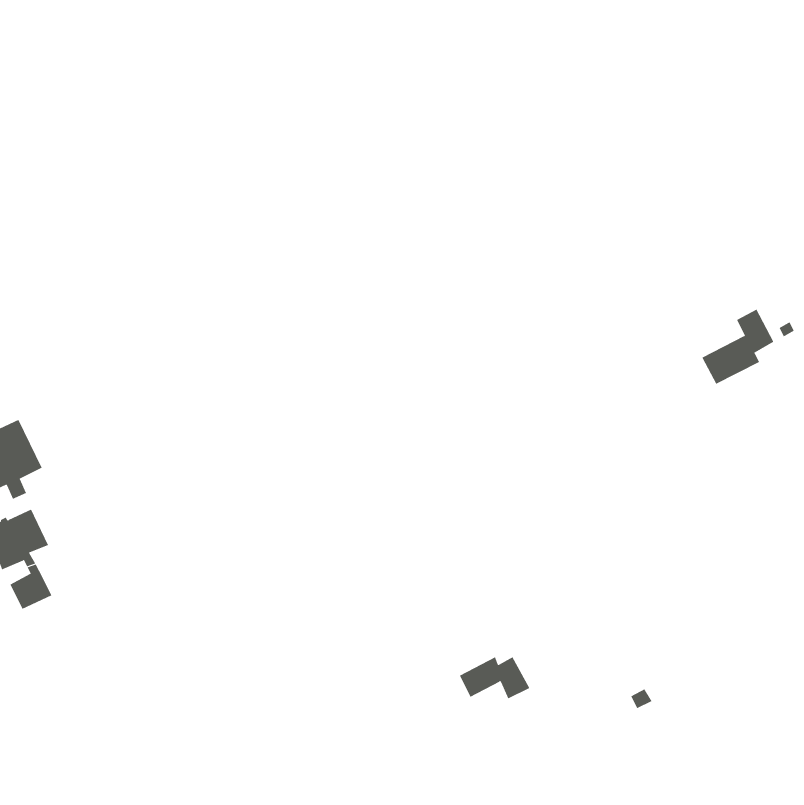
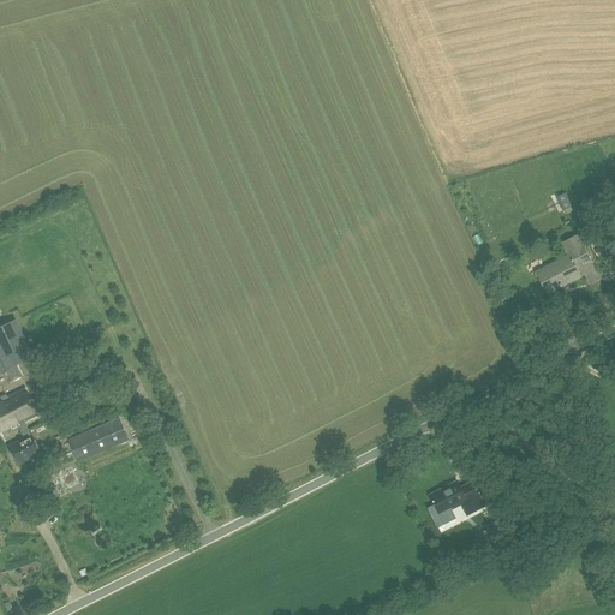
building: none -> [66,418,129,461]
building: [459,657,530,699] -> [429,483,483,515]

